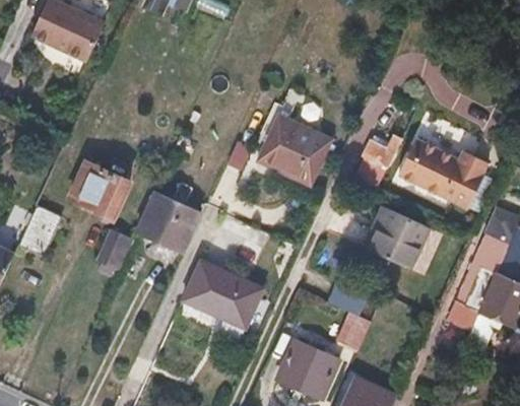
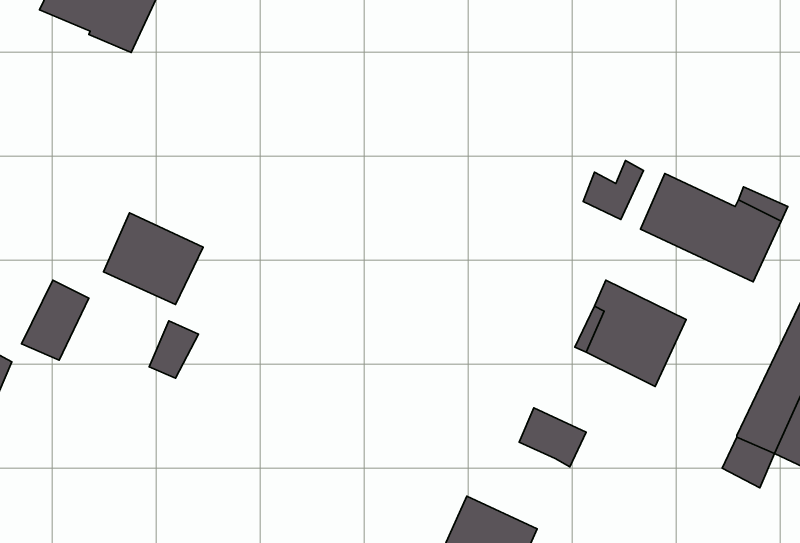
building: [255,115,330,189] -> none
building: [135,195,200,255] -> none
building: [180,263,261,331] -> none
building: [336,314,373,352] -> none

